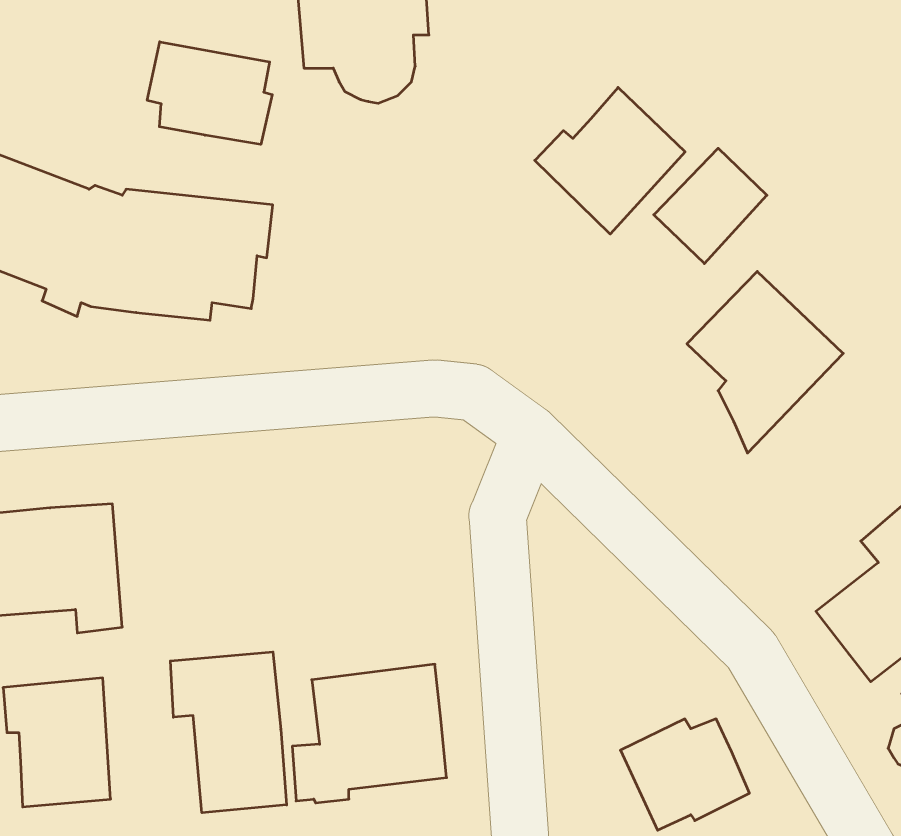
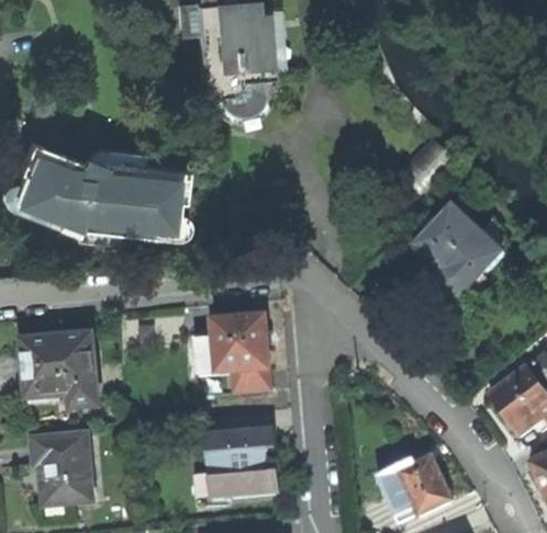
building: [147,42,272,144] -> none
building: [535,87,685,234] -> none
building: none -> [191,316,272,392]
building: [170,652,287,813] -> none

